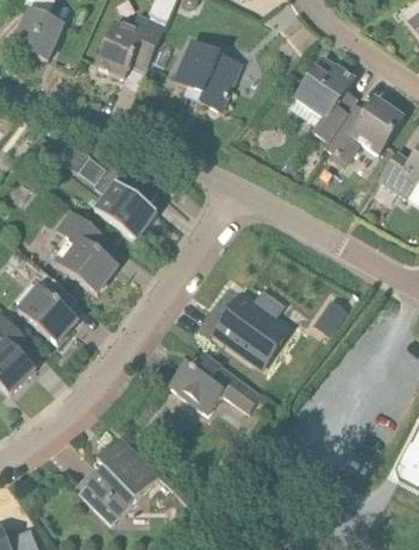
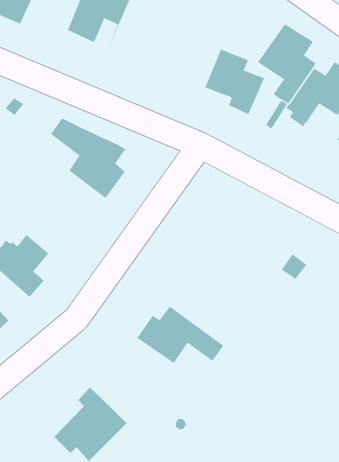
building: [174,39,237,108] -> [205,49,265,115]
building: [54,208,118,292] -> none
building: [217,293,284,363] -> none

